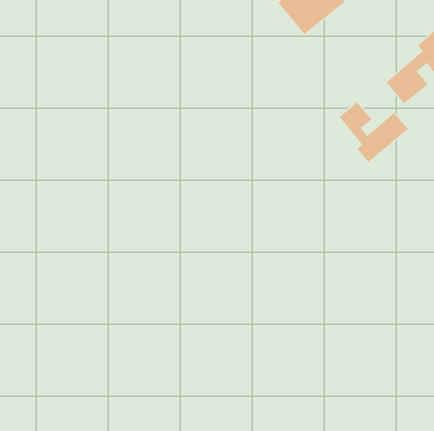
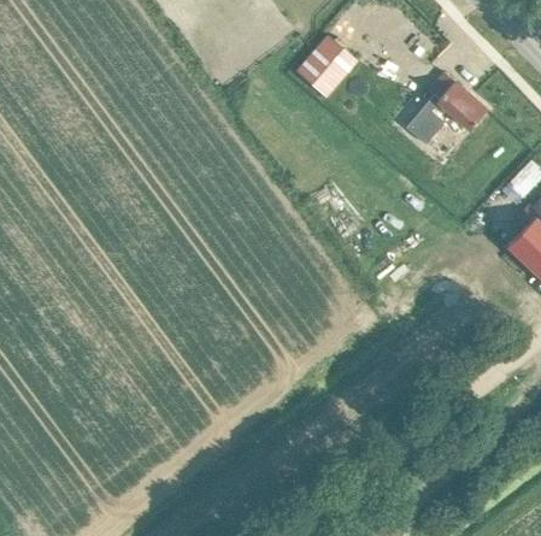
building: [339,101,409,163] -> none

